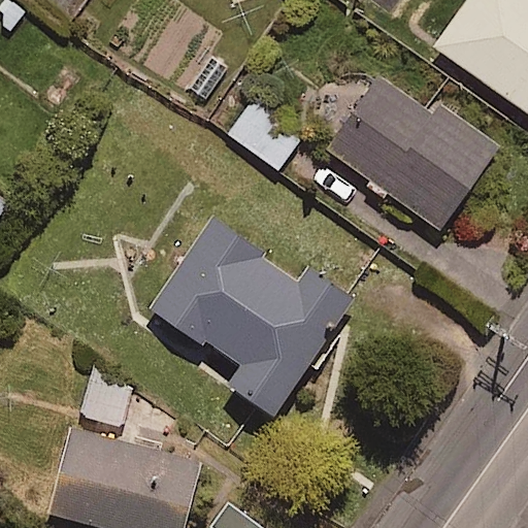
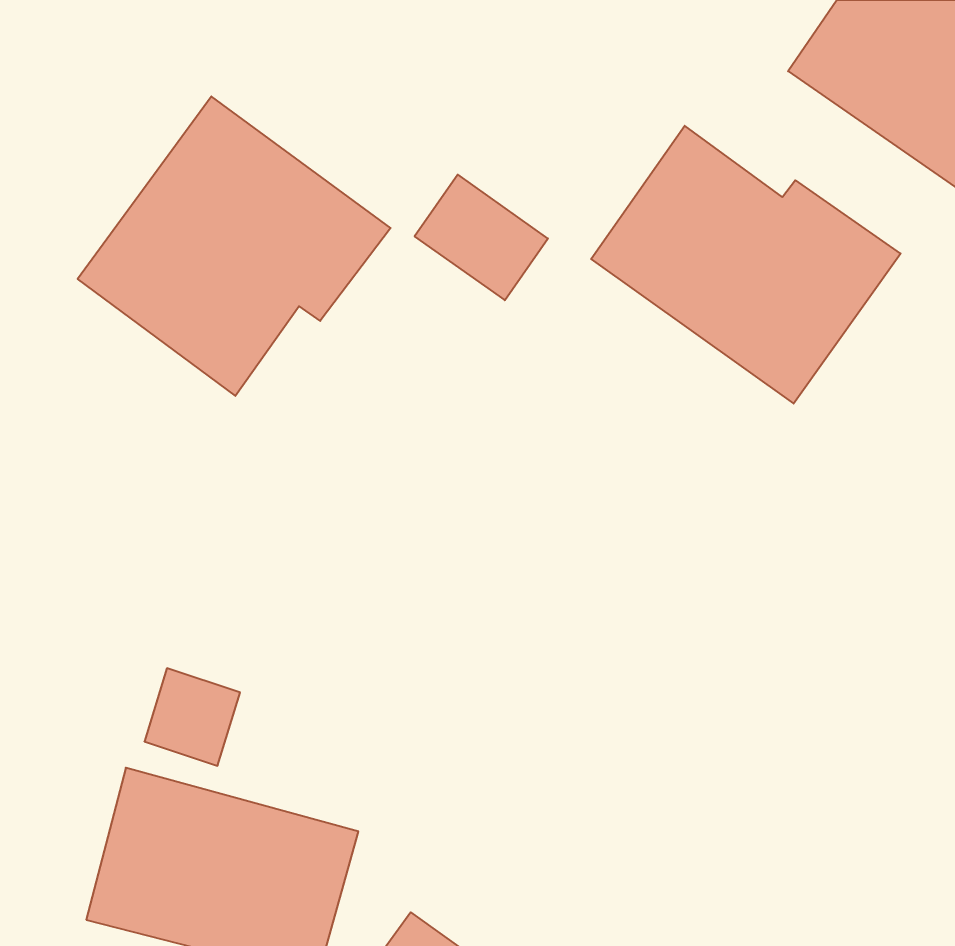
building: none -> [78,96,391,396]
building: [151,221,356,414] -> none

